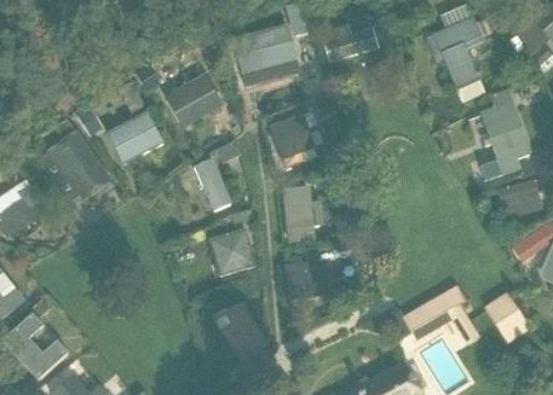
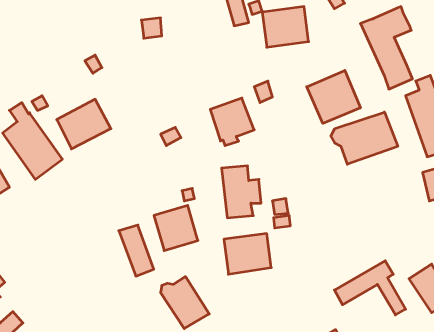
building: [231,24,299,87] -> none
building: [163,76,221,130] -> none
building: none -> [307,70,360,123]
building: none -> [331,112,398,164]
building: [194,157,231,211] -> [119,225,154,276]

